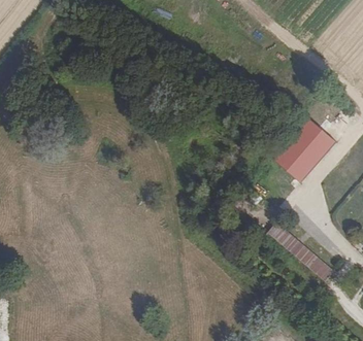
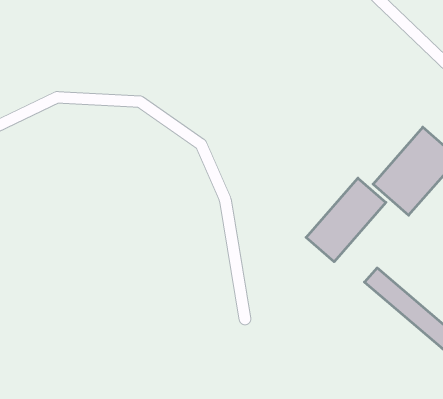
building: none -> [306,178,386,262]

